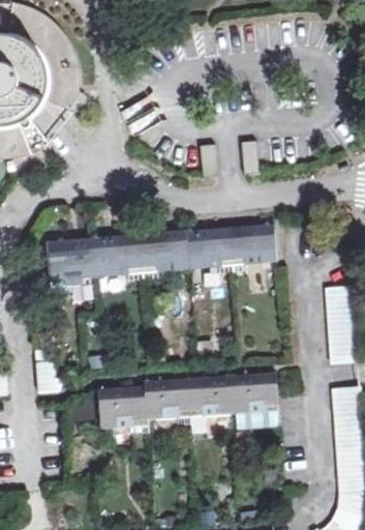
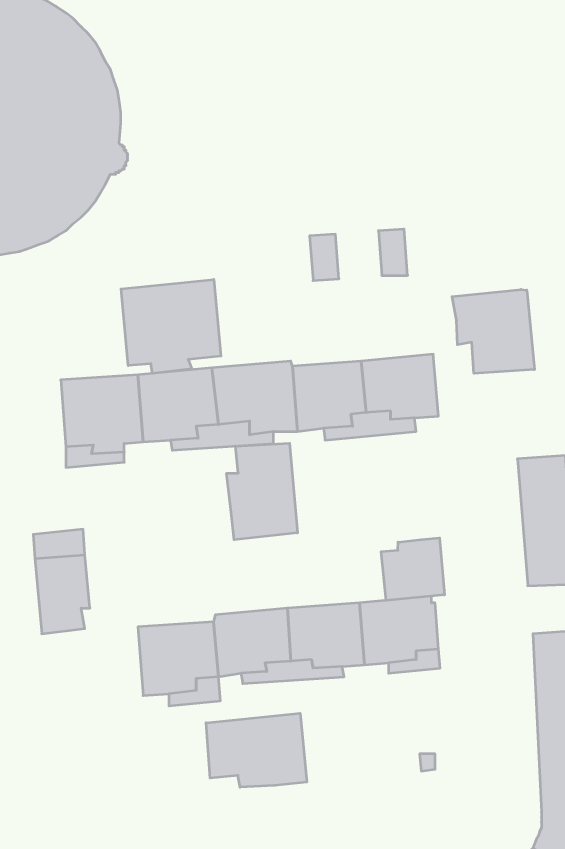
building: none -> [121,279,221,373]
building: none -> [452,289,534,373]
building: none -> [227,443,297,540]
building: none -> [381,538,444,600]
building: none -> [206,713,307,787]

